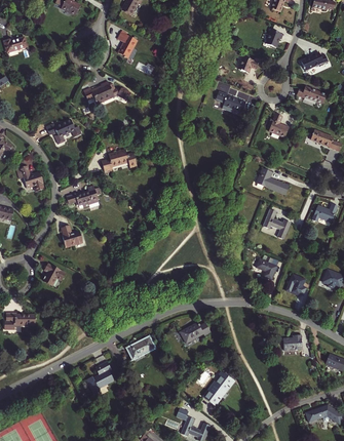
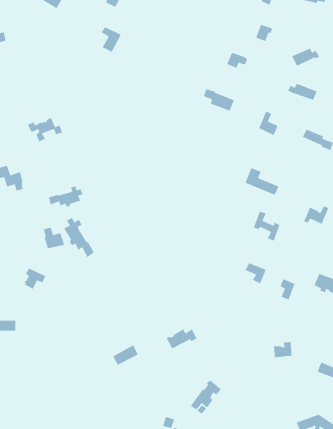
building: [84,81,130,104] -> none
building: [102,150,137,171] -> none
building: none -> [63,217,95,258]
building: [86,361,114,394] -> none

